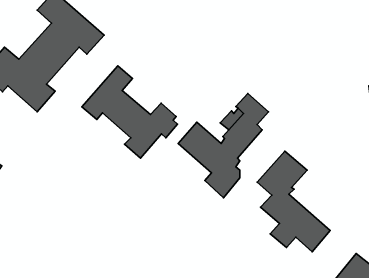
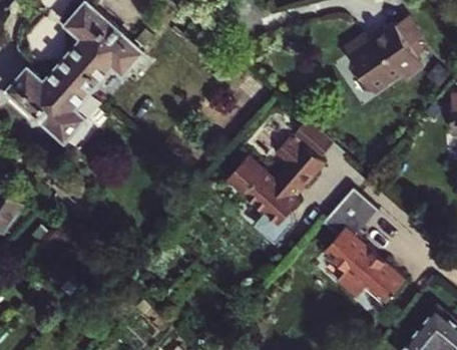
building: none -> [347,22,423,91]
building: [82,66,178,158] -> none

